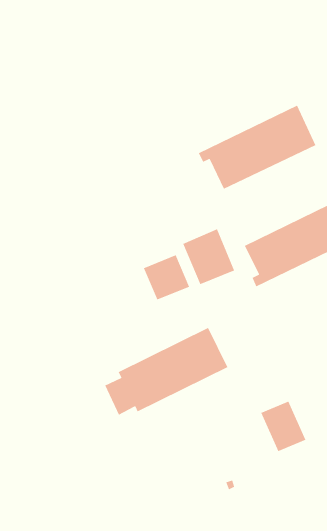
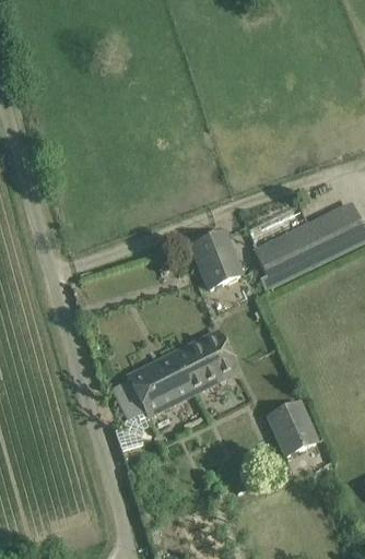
building: [198,104,316,190] -> none
building: [143,254,190,301] -> none

